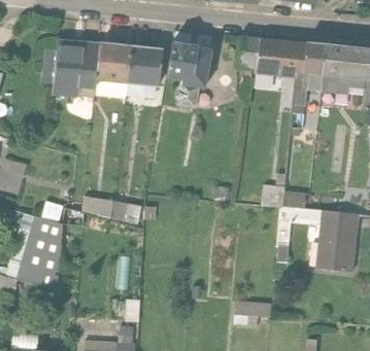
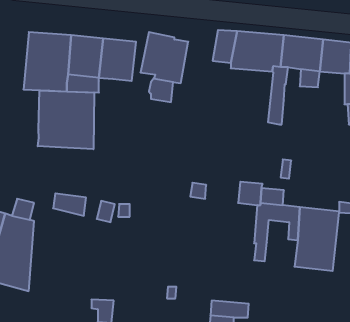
building: none -> [38,91,94,149]

